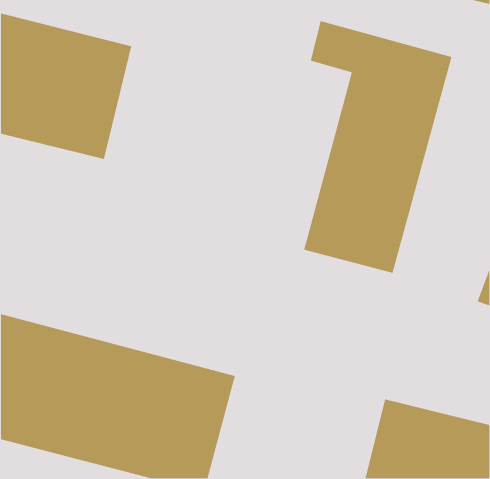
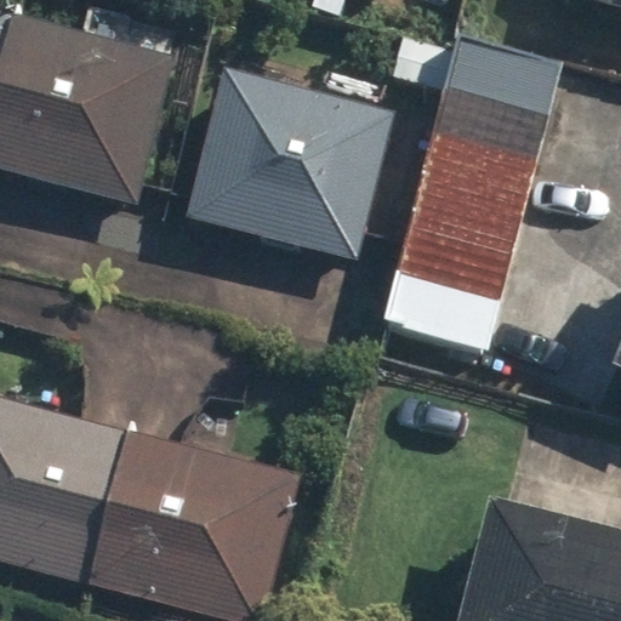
building: none -> [184,74,395,258]

